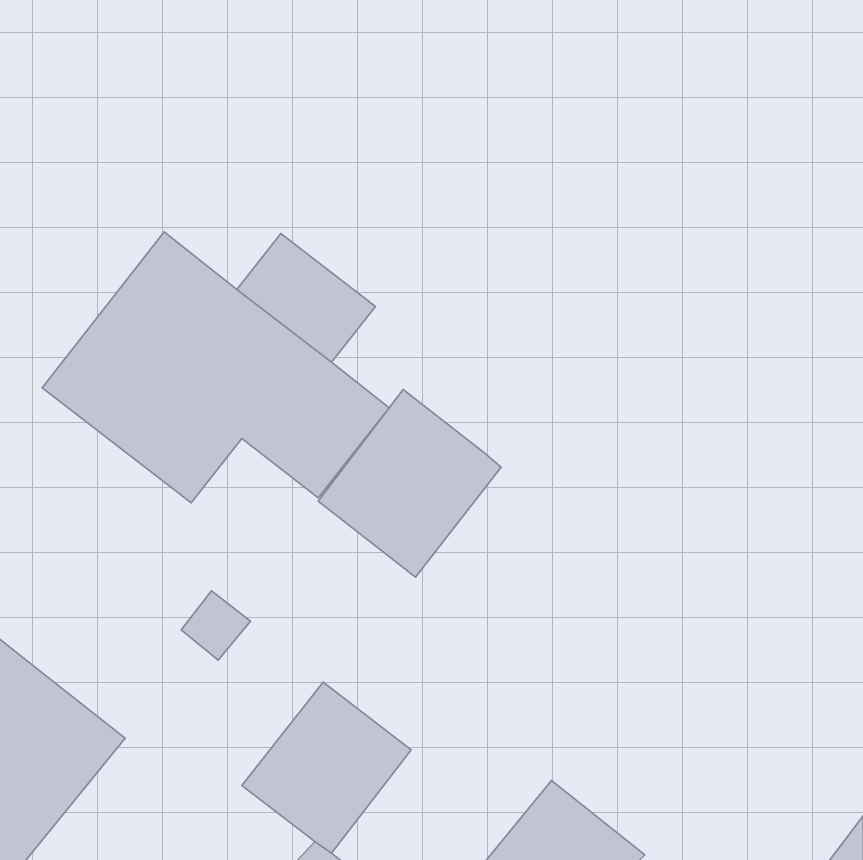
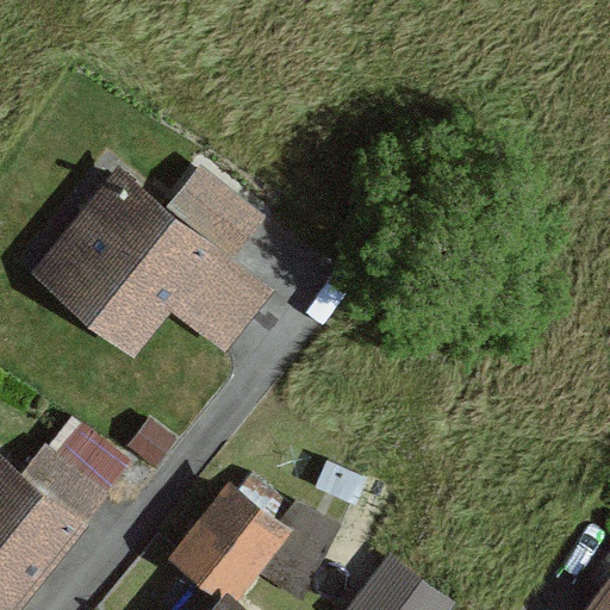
building: [318,390,501,577] -> none
building: none -> [26,417,133,523]

